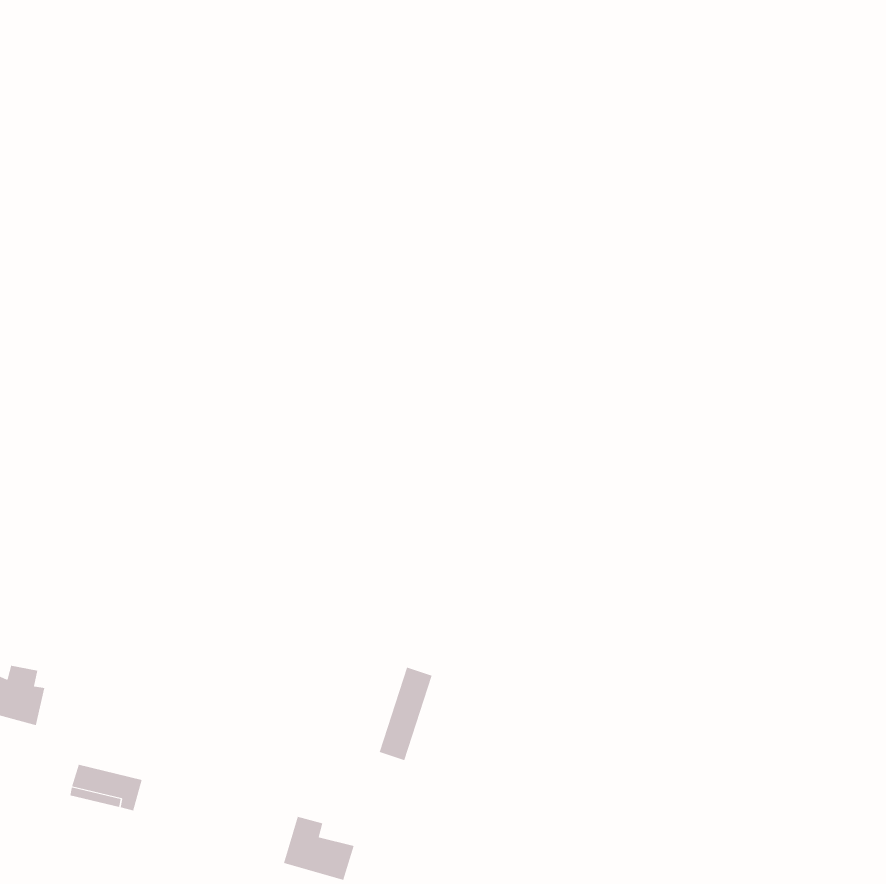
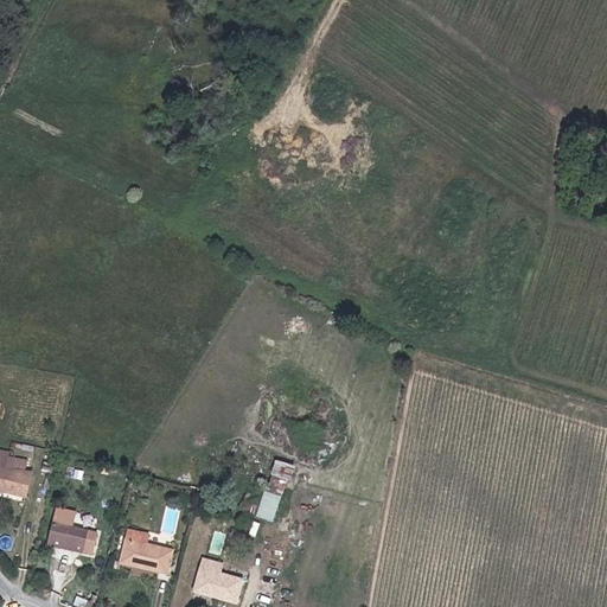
building: none -> [120,532,172,571]

